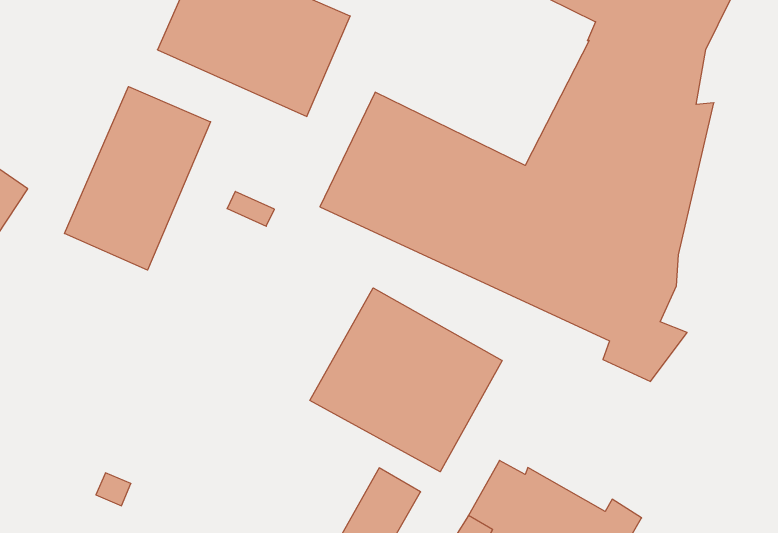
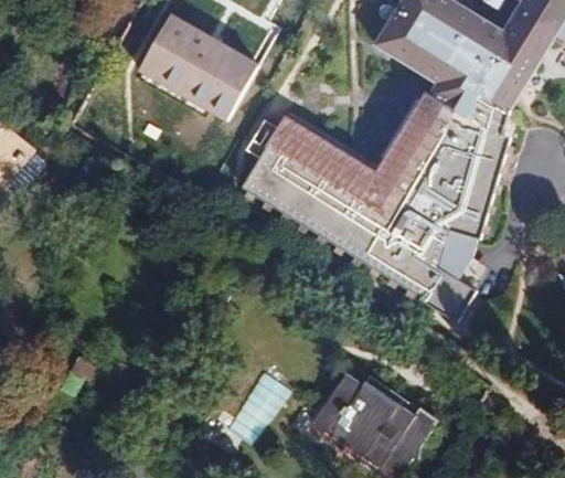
building: [65,87,211,270] -> none
building: [310,288,502,472] -> none

